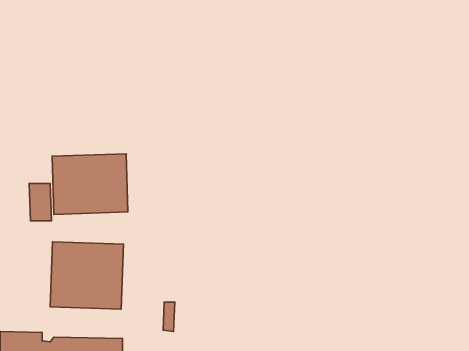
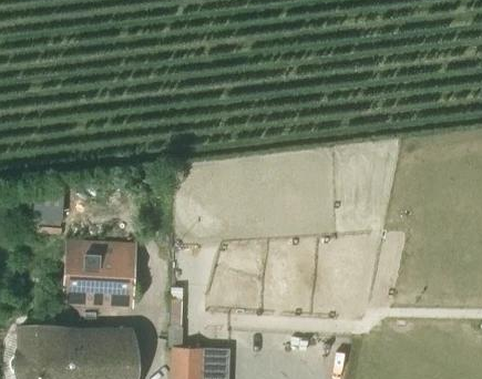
building: [52,154,128,214] -> none

